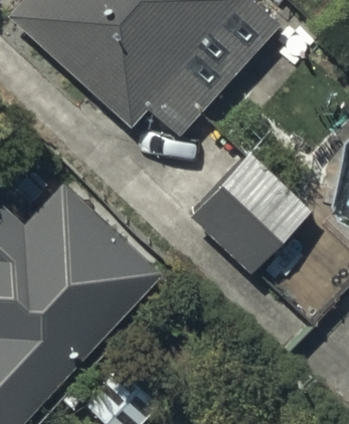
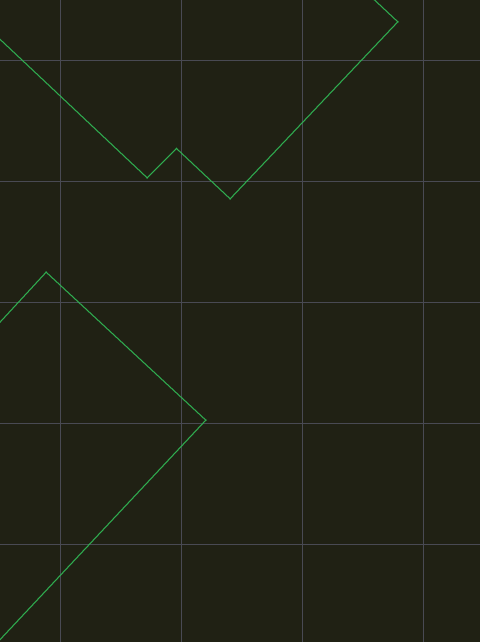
building: [186,148,310,271] -> none

